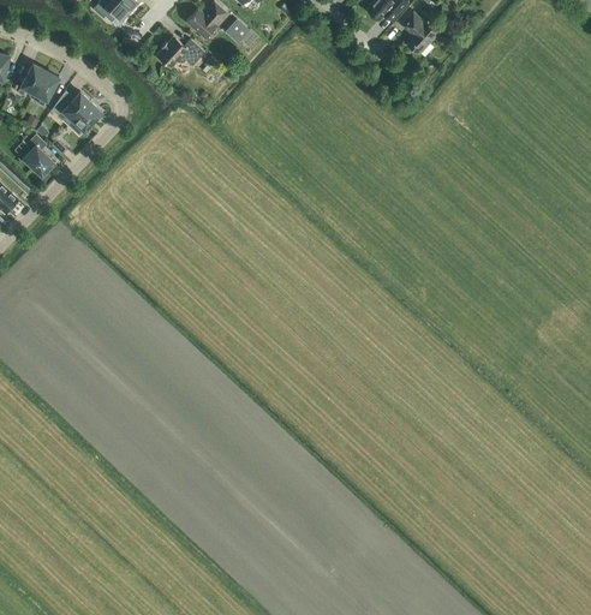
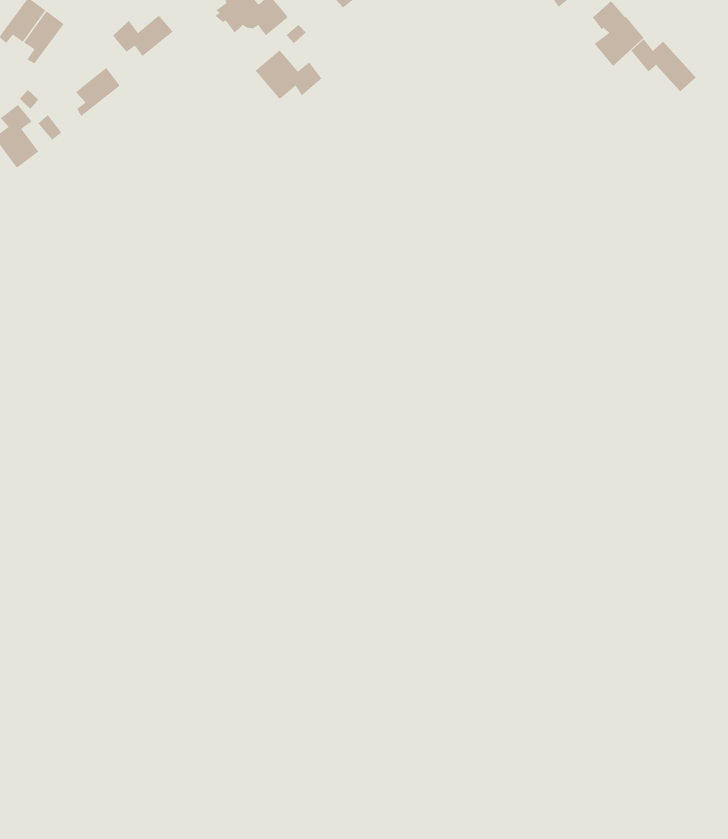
building: none -> [631,39,696,92]
building: none -> [255,49,322,100]
building: [50,91,90,120] -> [112,15,173,57]

